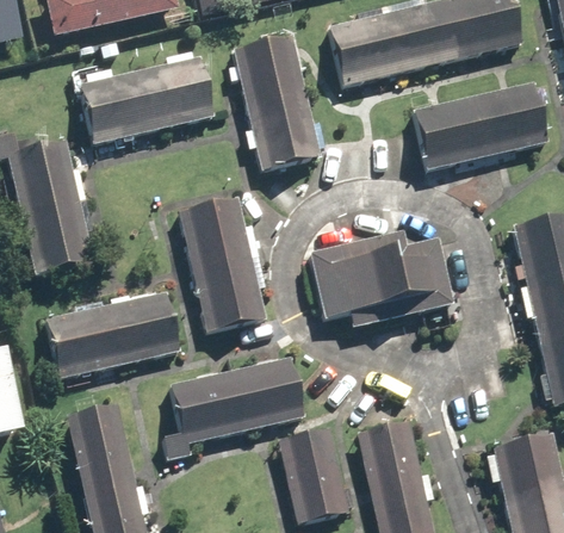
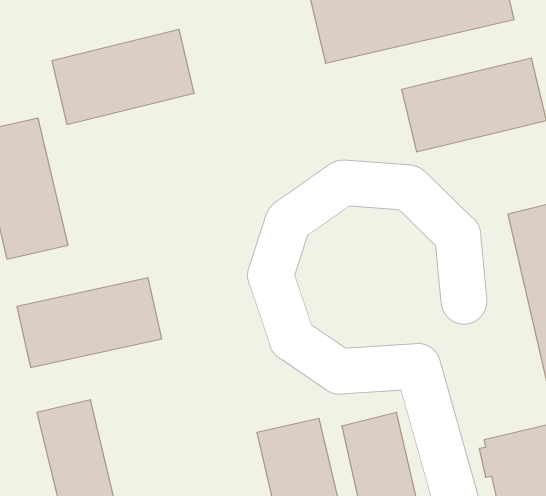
building: [234,39,321,169] -> none
building: [176,196,266,331] -> none
building: [308,230,457,329] -> none
building: [171,359,304,444] -> none

